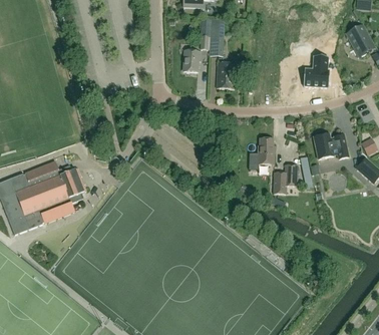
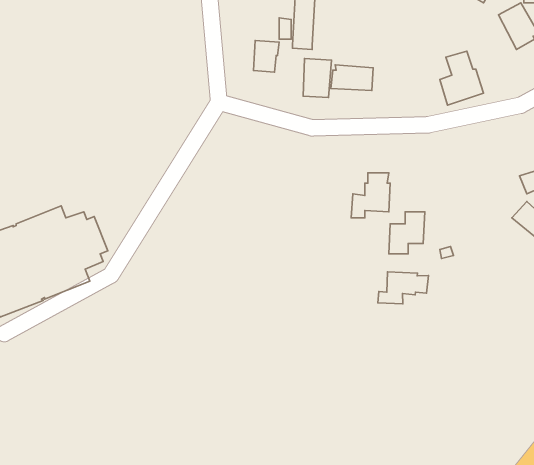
building: none -> [331,65,373,90]
building: [314,133,349,158] -> none
building: none -> [378,272,428,304]

